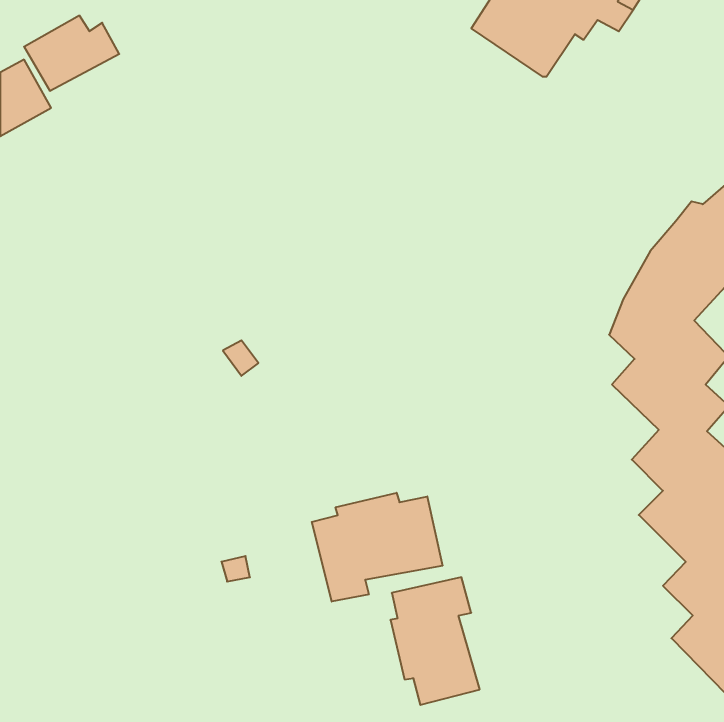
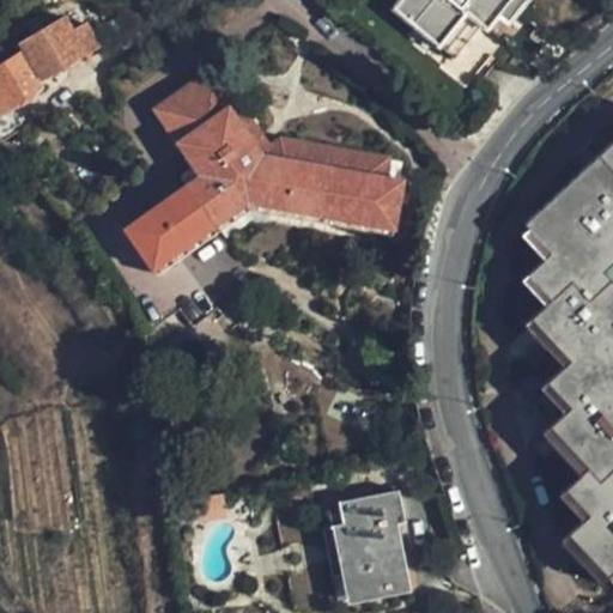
building: none -> [125,67,403,273]
building: [312,493,442,602] -> none

